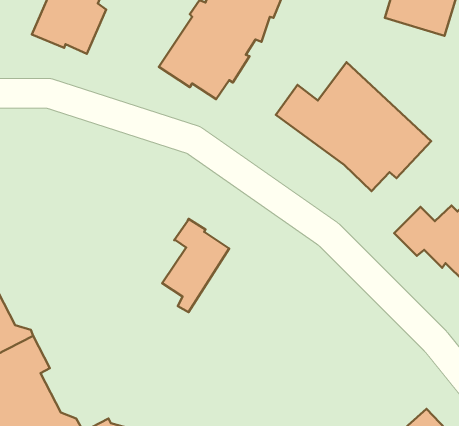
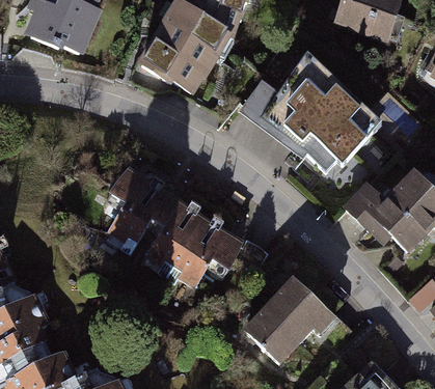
building: none -> [107,170,165,253]
building: none -> [166,221,241,285]
building: none -> [245,280,333,362]

